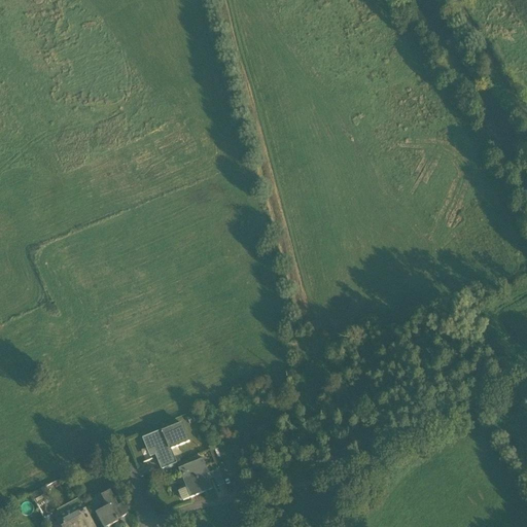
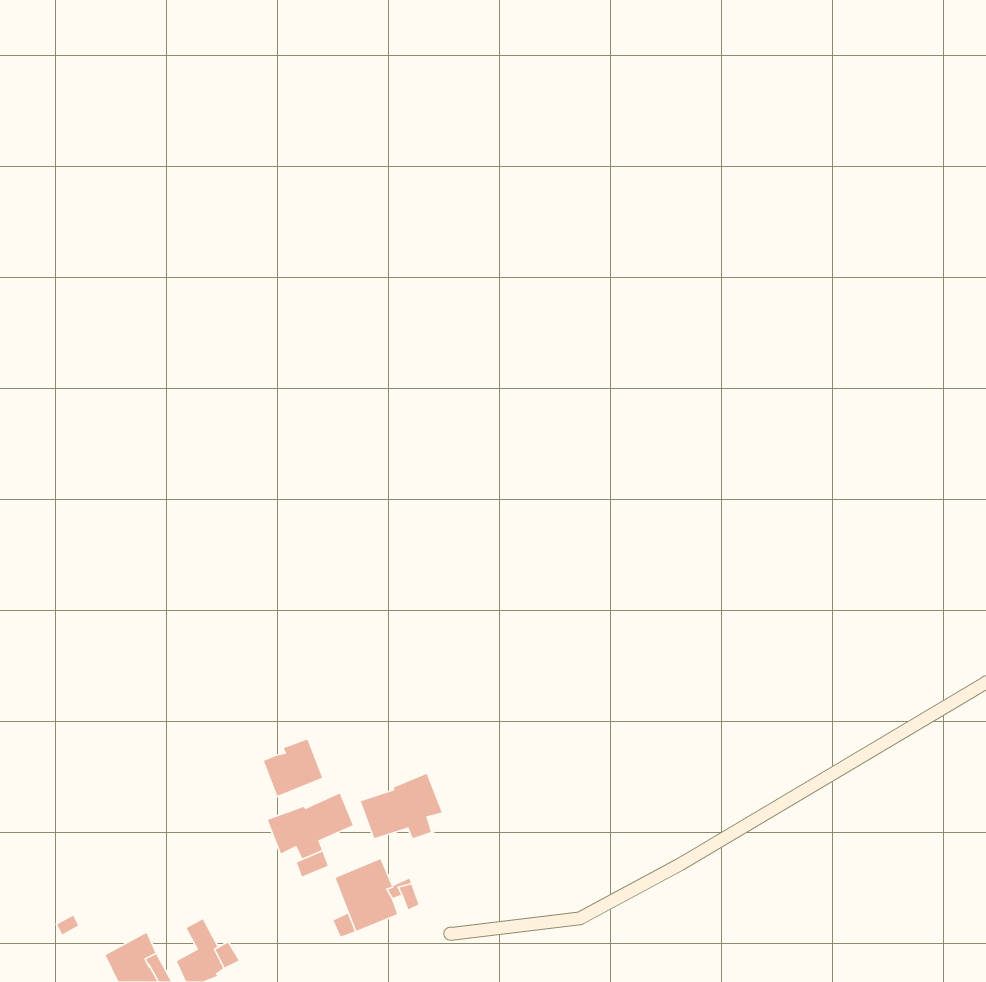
building: none -> [263,738,323,797]
building: none -> [360,773,443,839]

